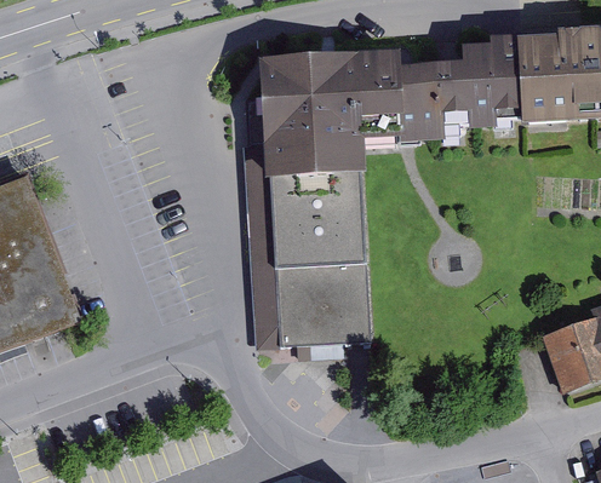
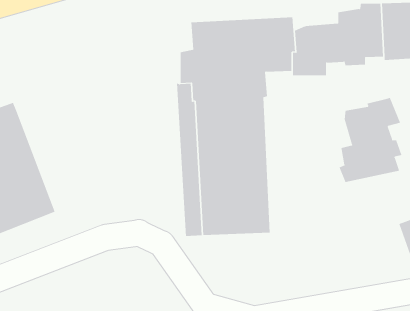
building: none -> [339,97,402,183]

